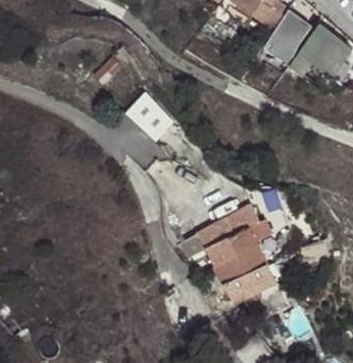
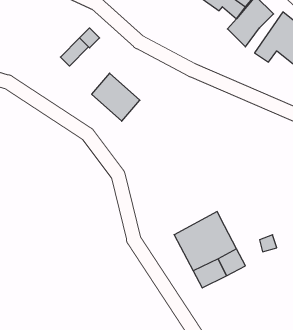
building: [197,207,271,252] -> none

